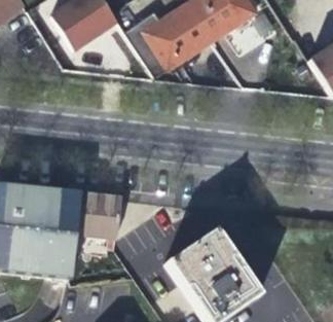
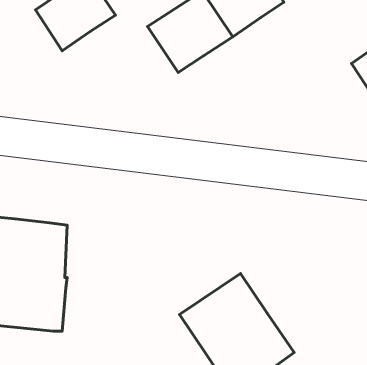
building: [76,192,122,240] -> none

